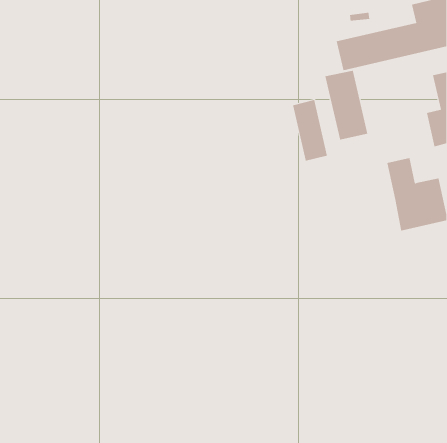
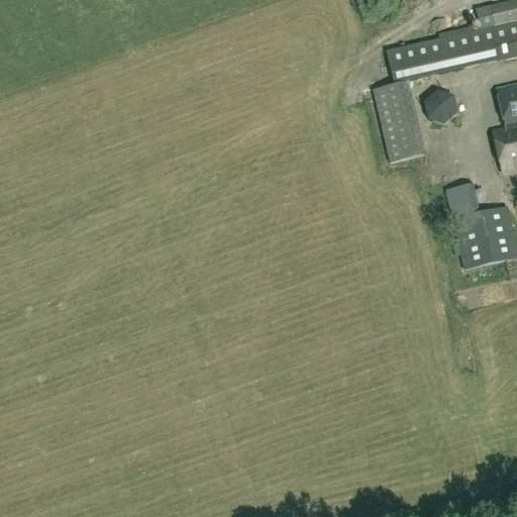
building: none -> [424,88,457,122]
building: [292,99,328,162] -> none

